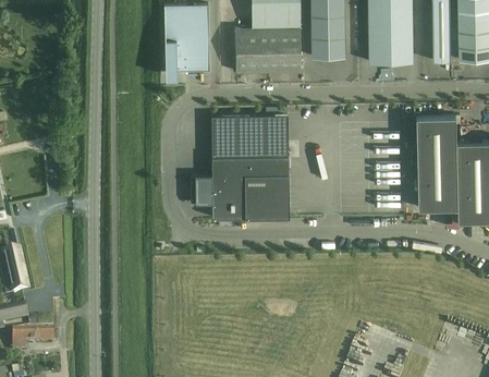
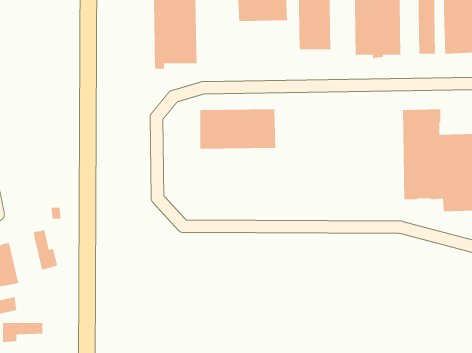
building: [235,26,301,71] -> none
building: [190,155,289,217] -> none
building: none -> [32,229,58,271]

